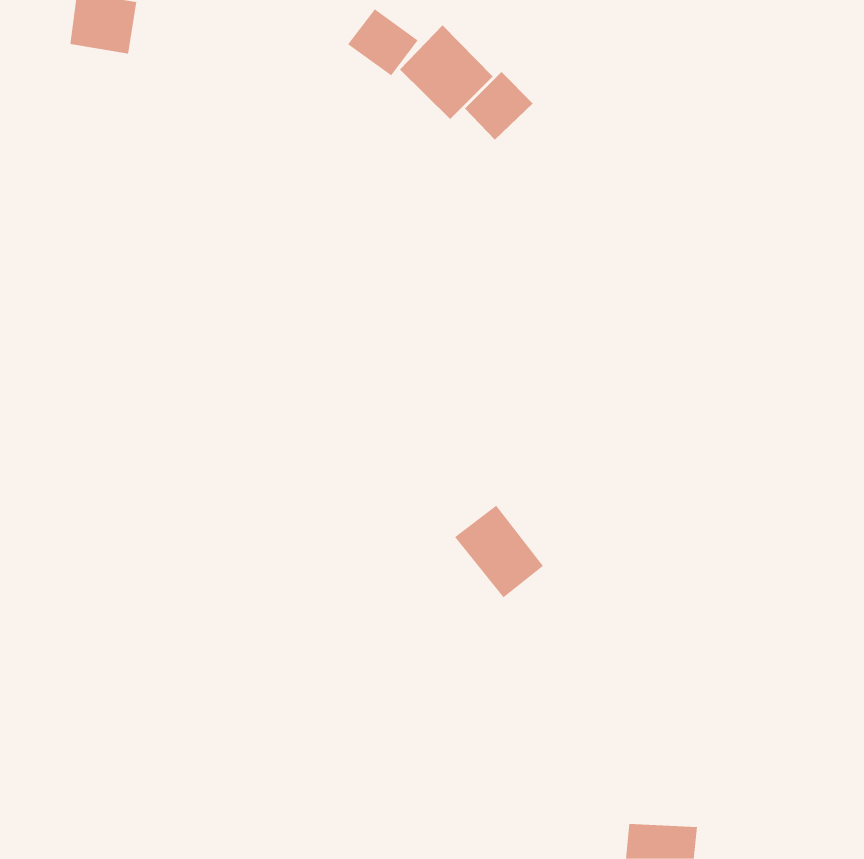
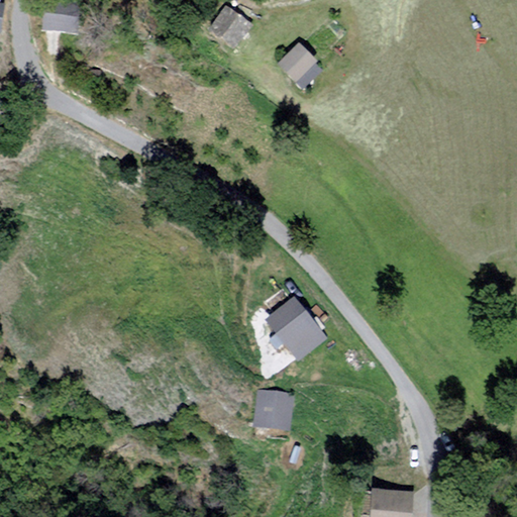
building: [399,25,493,120] -> none
building: none -> [254,391,294,429]

